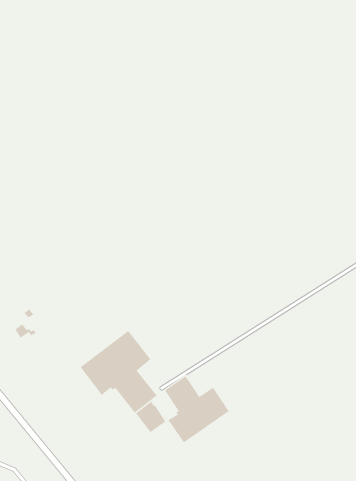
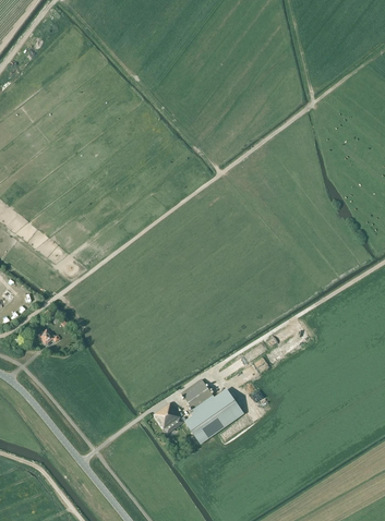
building: [80,330,157,414] -> none

